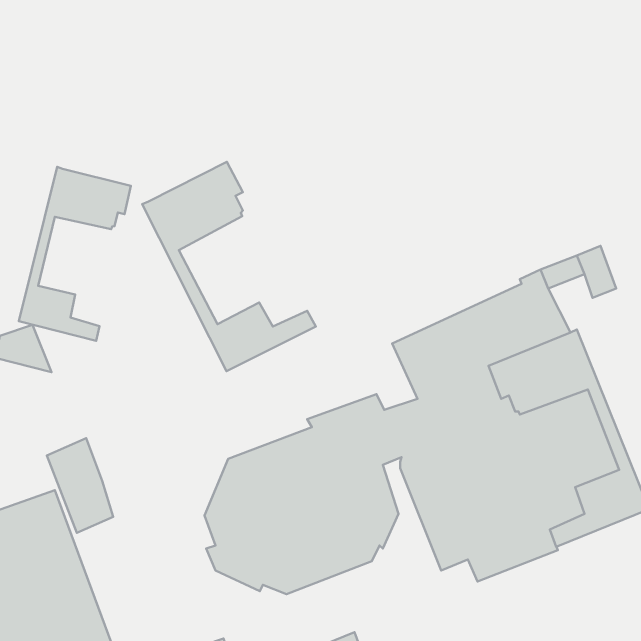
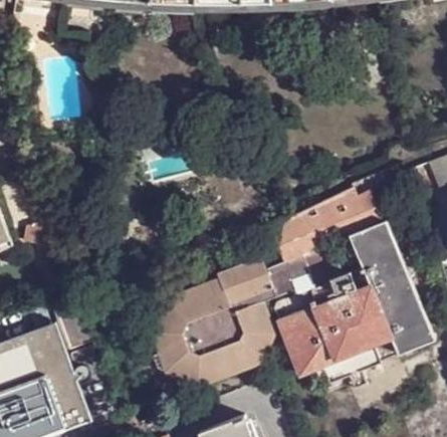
building: [142,162,316,371] -> none
building: [19,167,131,341] -> none

